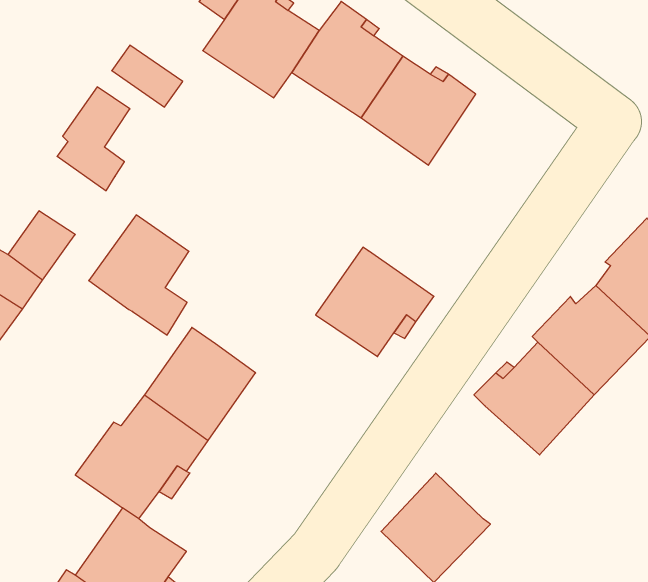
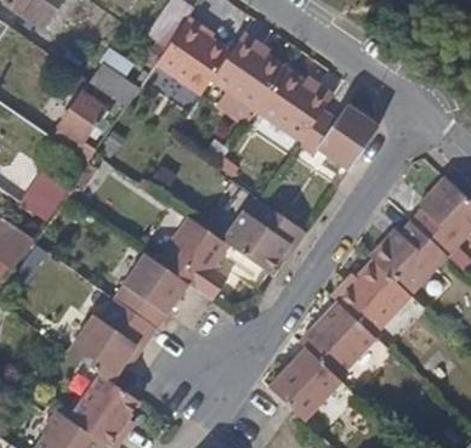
building: none -> [299,104,378,169]
building: [89,215,189,335] -> [159,219,226,299]
building: none -> [301,304,375,379]

